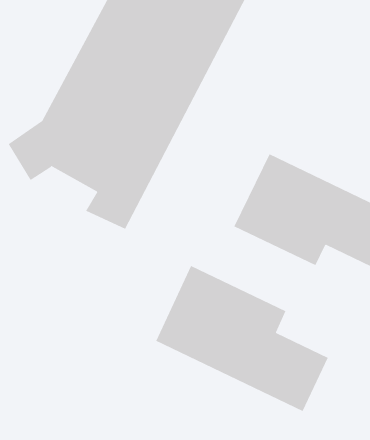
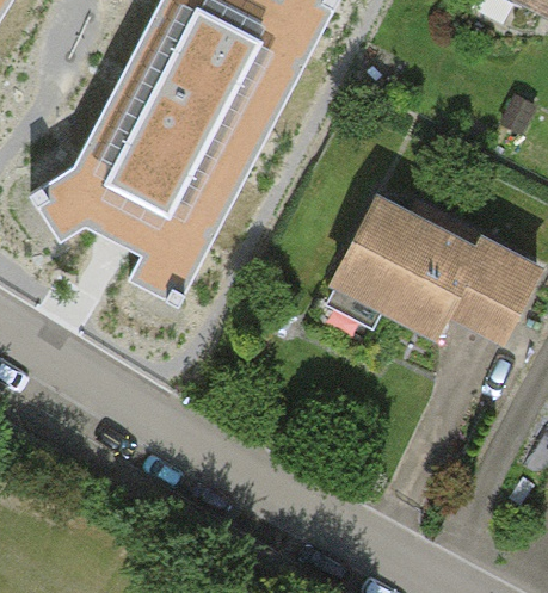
building: [156,265,329,412] -> none

